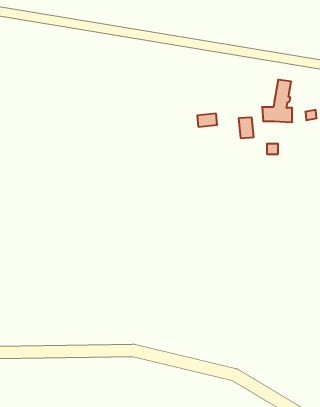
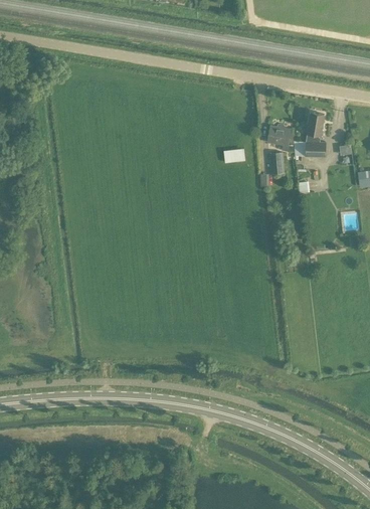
building: none -> [266,123,292,151]

